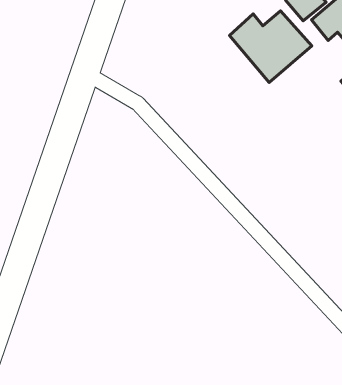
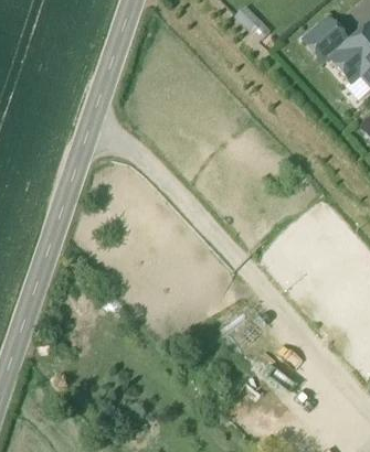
building: [229,11,312,82] -> none

